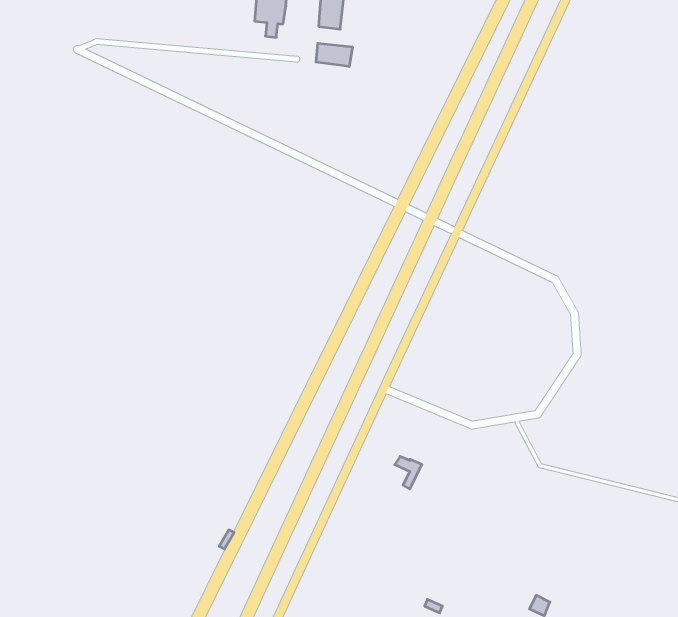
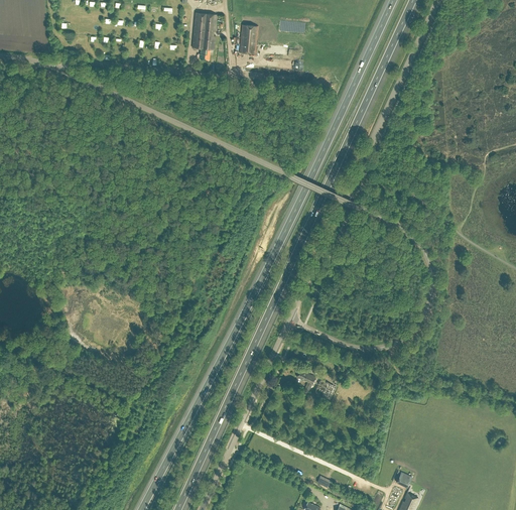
building: [316,43,352,67] -> none

